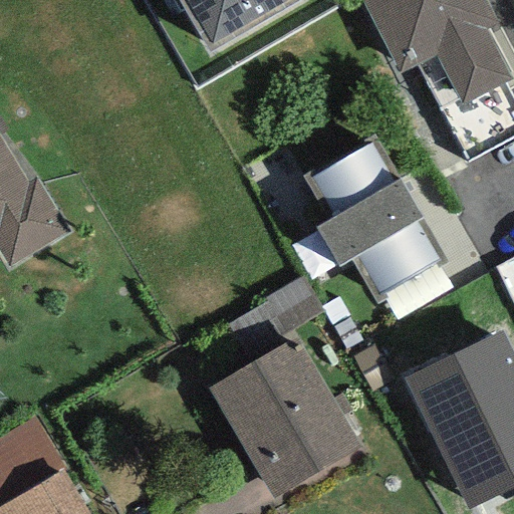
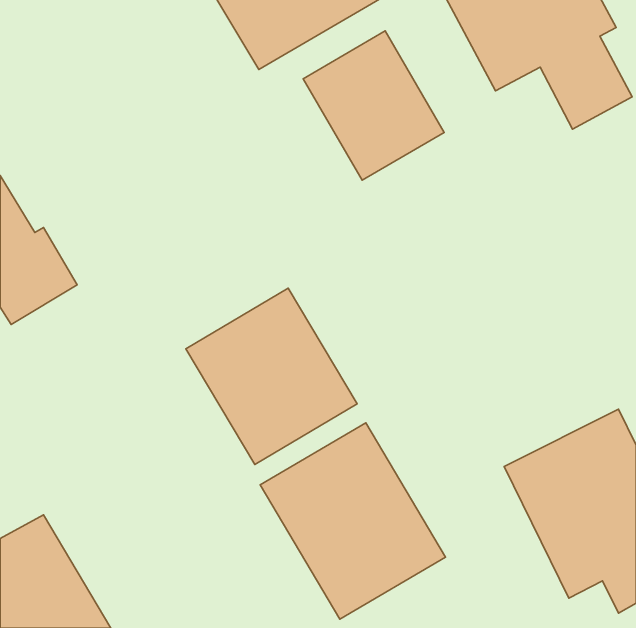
building: none -> [303,31,444,180]
building: [299,136,448,304] -> none
building: none -> [186,288,357,464]

